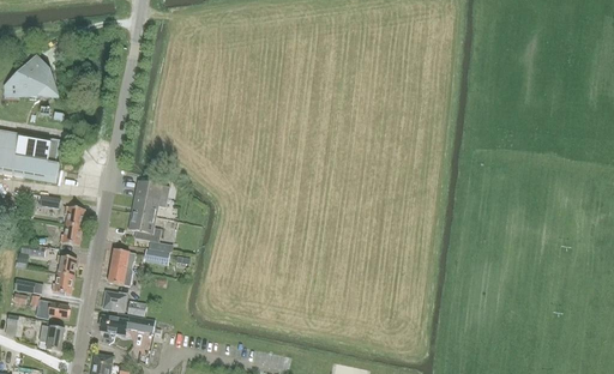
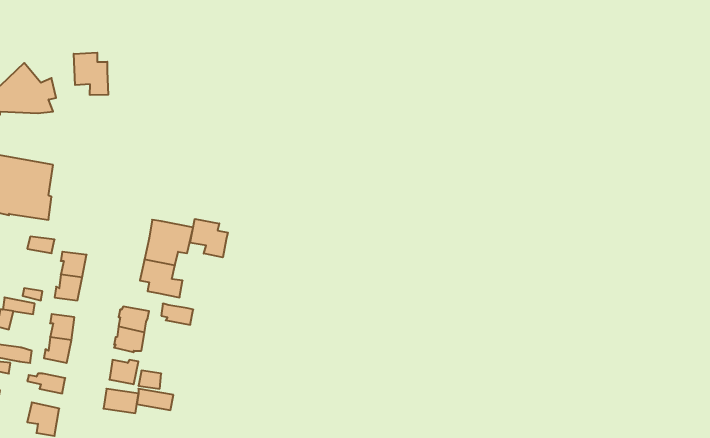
building: none -> [74,53,108,95]
building: none -> [190,219,228,257]

